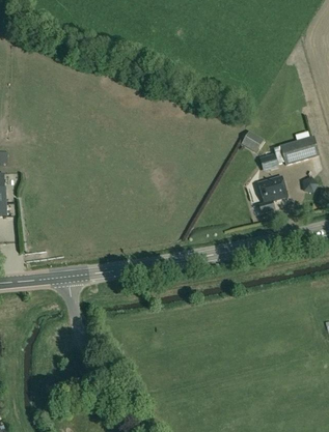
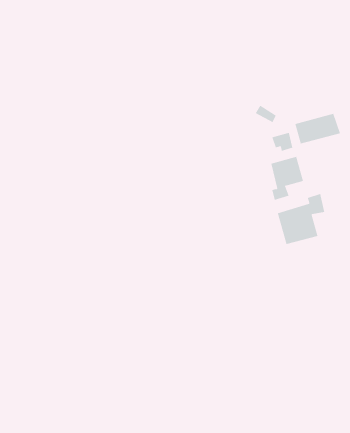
building: none -> [277,193,325,245]

